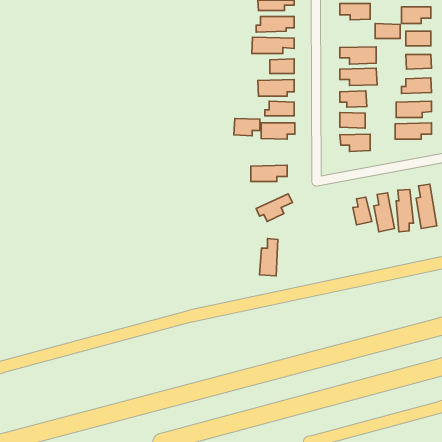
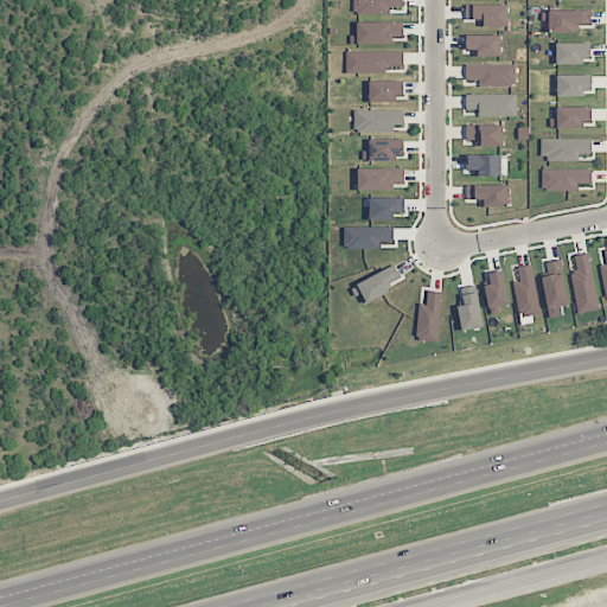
building: [375,24,400,38] -> [466,34,500,55]
building: [234,118,260,136] -> [369,197,404,221]
building: none -> [456,293,484,331]
building: [260,239,278,276] -> [416,290,441,341]

